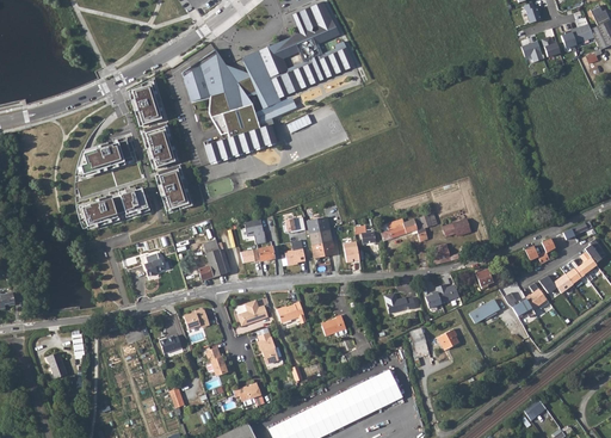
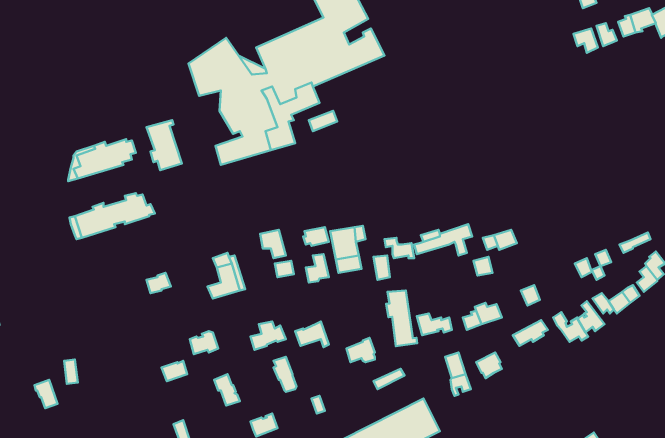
building: [128,80,162,124] -> none
building: [156,165,187,210] -> none
building: none -> [386,291,417,346]

